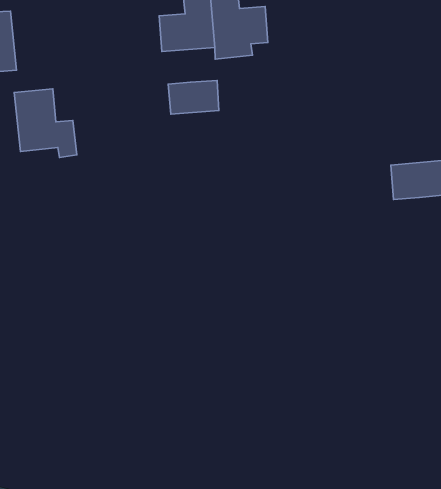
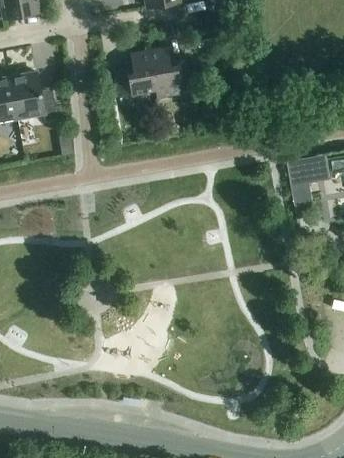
building: [168,80,219,114] -> none
building: [14,89,77,158] -> [11,73,59,121]

